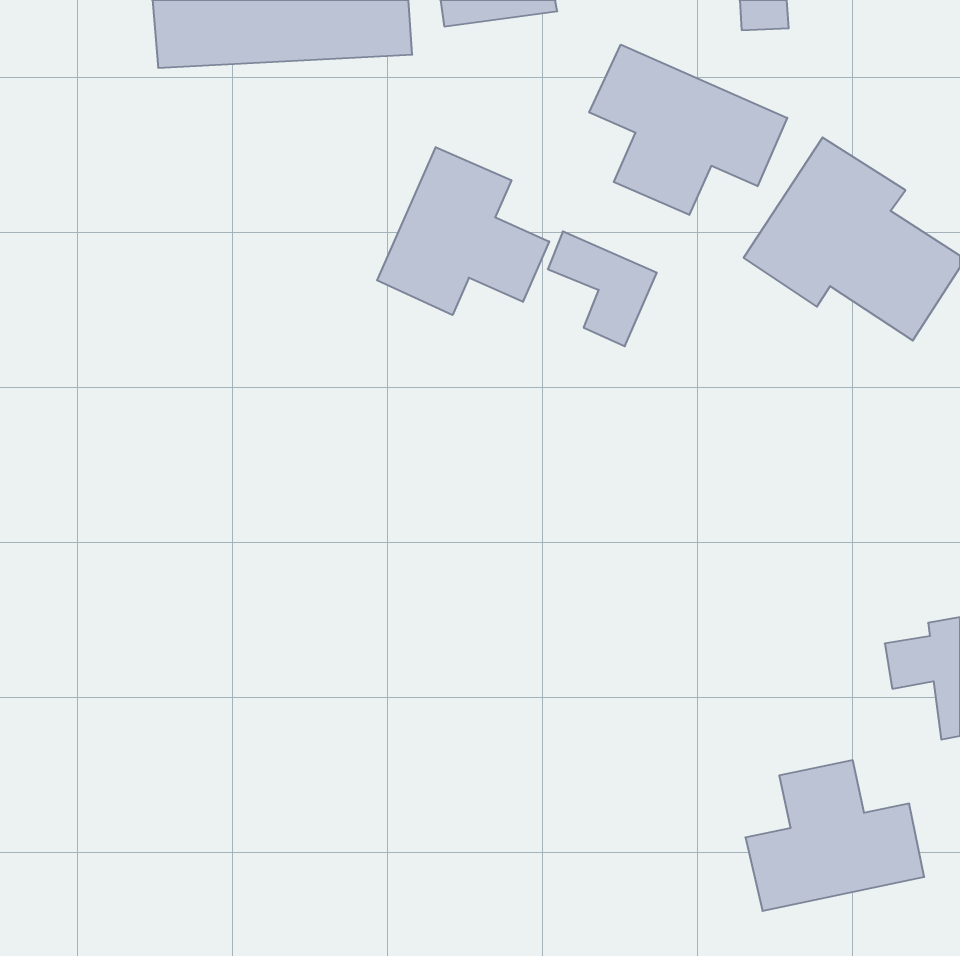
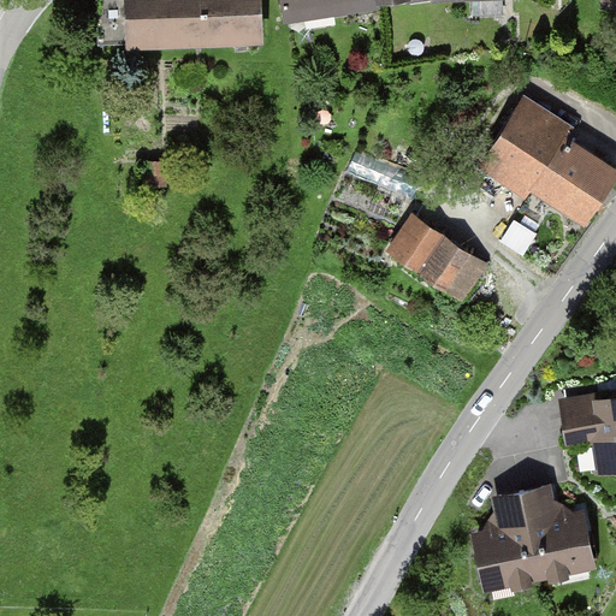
building: [589,45,787,215] -> none
building: [377,147,549,315] -> none
building: none -> [390,217,488,303]

